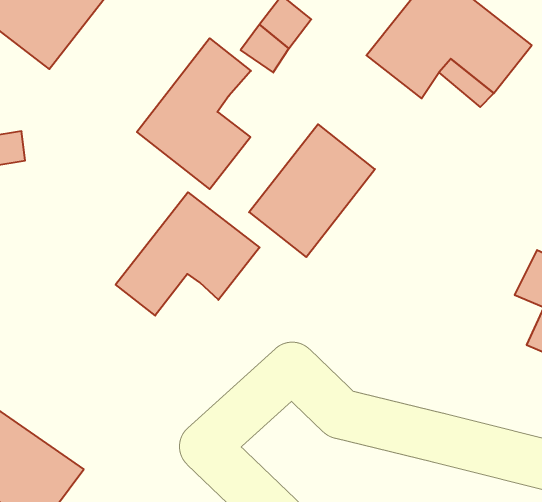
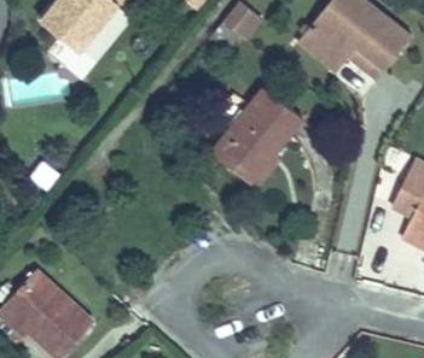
building: [137,38,251,189] -> none
building: [116,192,260,316] -> none

